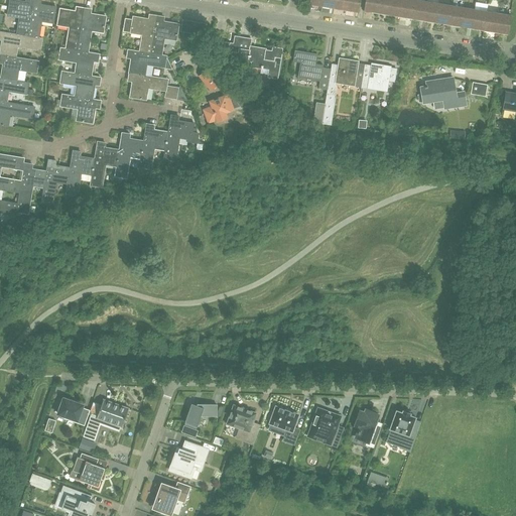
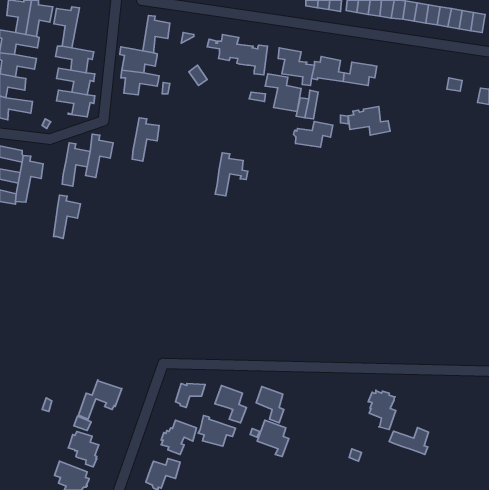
building: [76,8,105,52] -> none
building: [123,14,156,53] -> none
building: none -> [265,74,301,111]
building: [420,78,465,108] -> [348,106,390,135]
building: [204,95,233,122] -> none
building: [163,115,198,160] -> [215,153,248,196]
building: none -> [294,121,333,147]
building: [115,132,143,177] -> none
building: [41,159,70,205] -> [54,195,80,238]
building: [57,398,89,425] -> none
building: [309,408,343,446] -> [257,420,289,457]
building: [355,410,380,446] -> none
building: none -> [198,416,236,446]
building: none -> [389,428,428,454]

